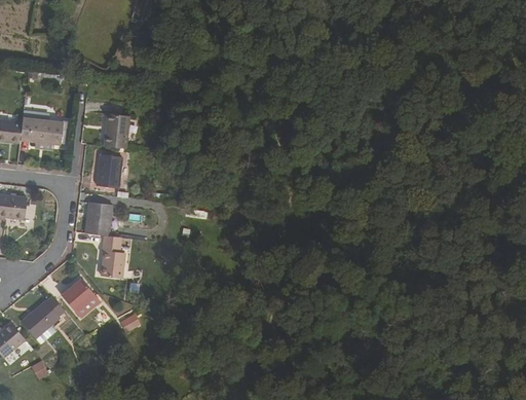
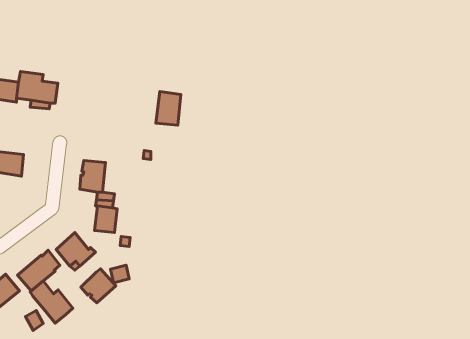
building: [103,113,128,148] -> [156,92,181,125]
building: [97,154,121,188] -> none
building: none -> [81,269,116,303]
building: none -> [30,281,73,323]

